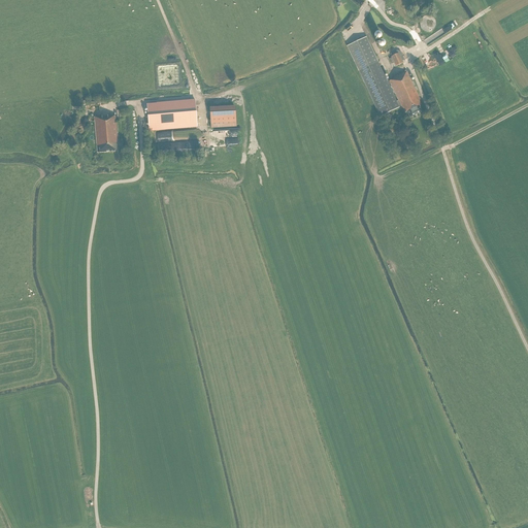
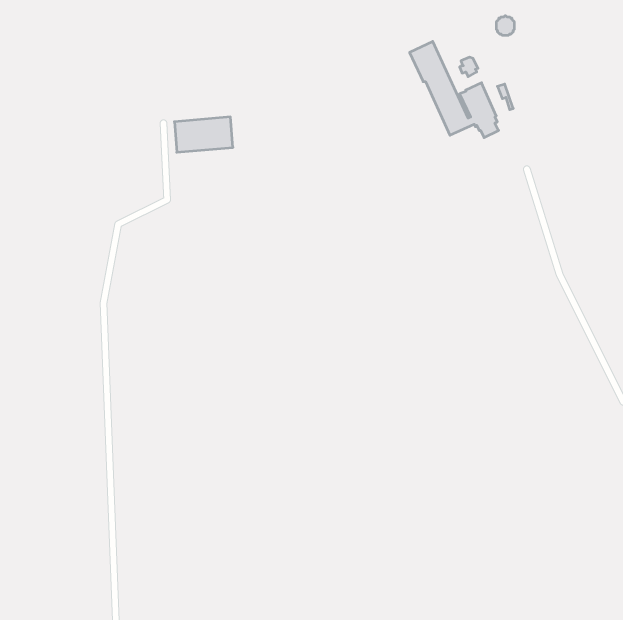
building: [209,104,236,126] -> none
building: [91,111,118,151] -> none

